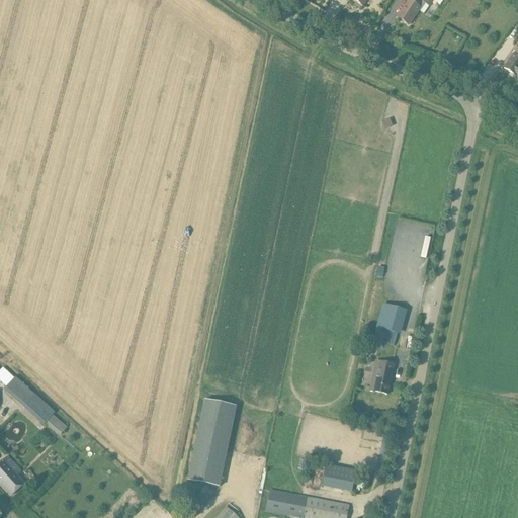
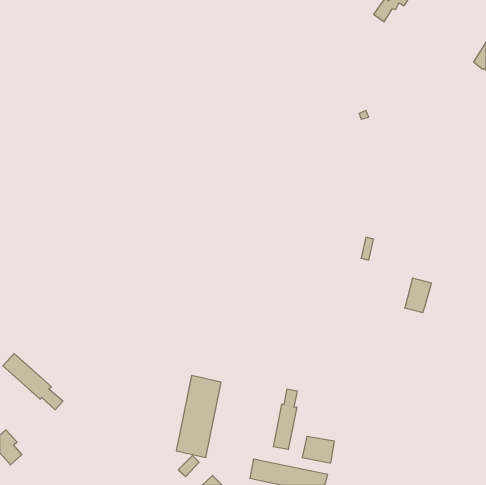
building: [374,303,403,339] -> [405,278,431,313]
building: [368,359,393,394] -> none
building: none -> [273,389,297,450]

